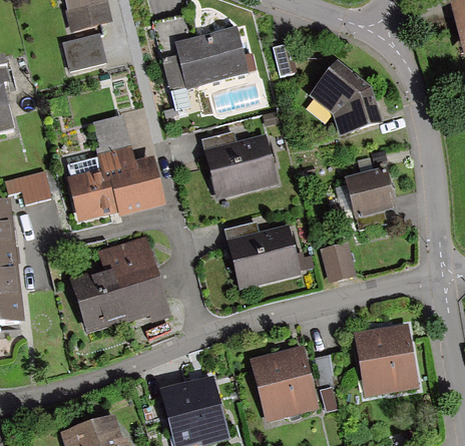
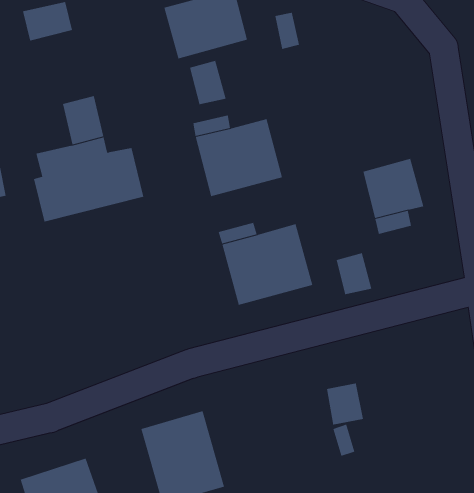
building: [160,52,191,89] -> [189,60,227,105]
building: [311,59,380,133] -> none
building: [74,239,168,321] -> none
building: [354,324,420,398] -> none
building: [250,347,320,424] -> none

